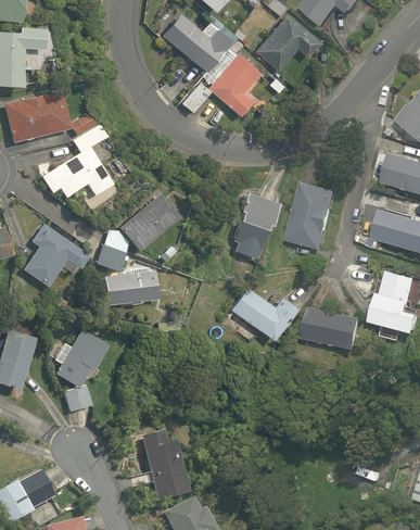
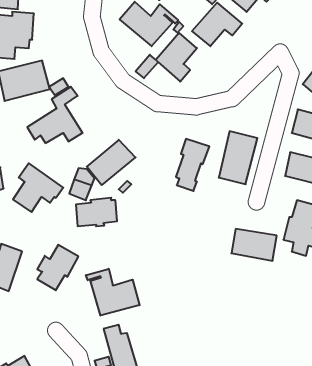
building: [229,288,293,340] -> none
building: none -> [86,269,140,316]
building: [62,384,90,411] -> none

